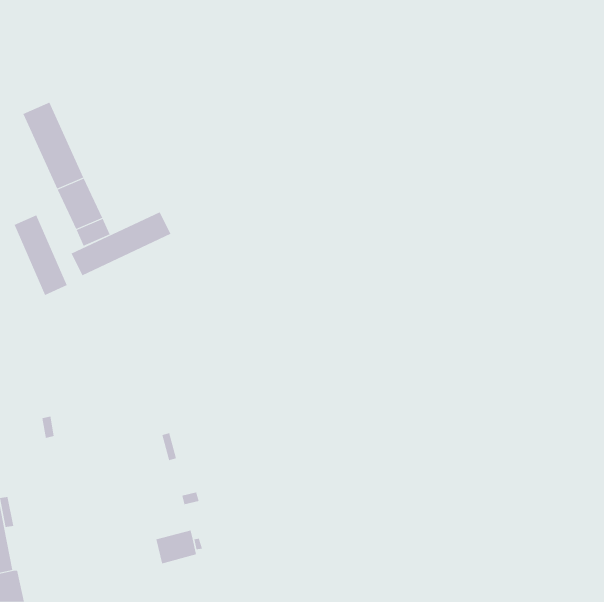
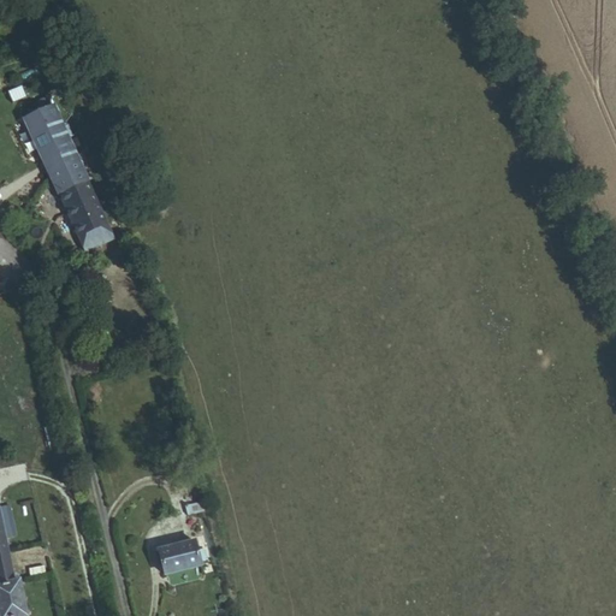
building: [71,211,171,276] -> none
building: [14,214,67,296] -> none

